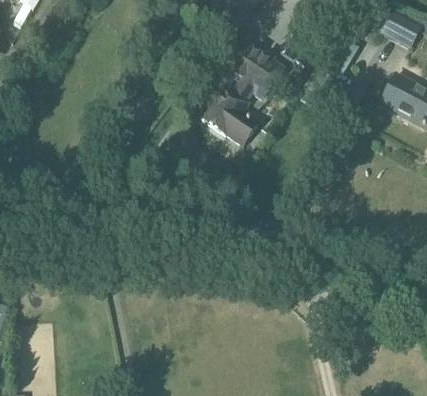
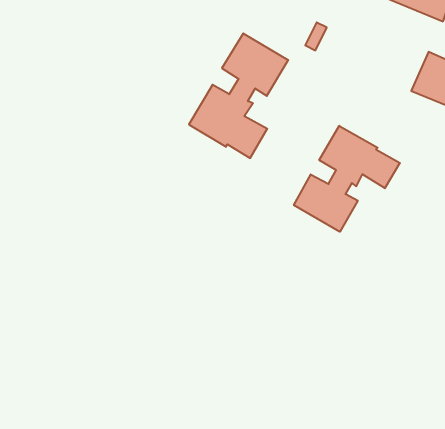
building: none -> [294,126,400,232]

